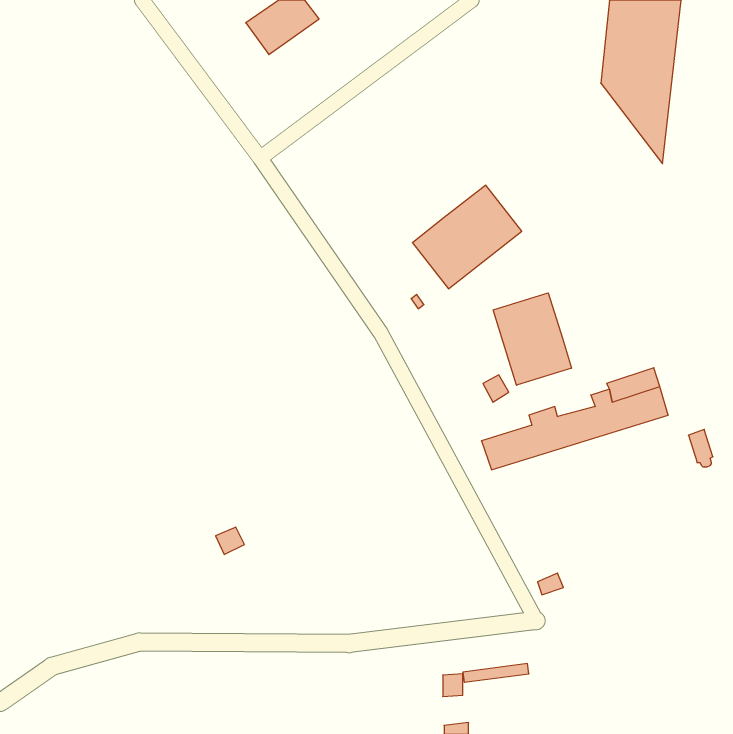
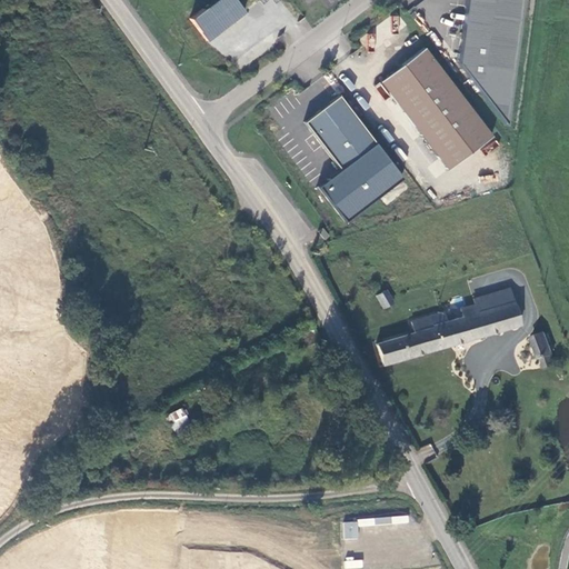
building: none -> [379,44,490,167]
building: none -> [306,96,377,170]
building: [493,293,571,385] -> none

